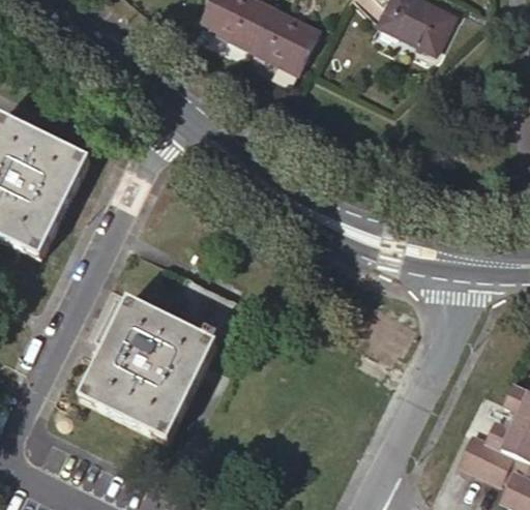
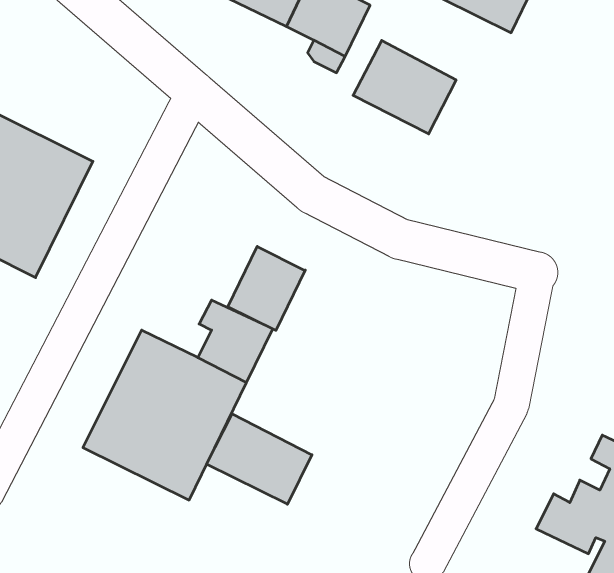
building: none -> [353,40,456,134]
building: none -> [228,246,305,330]
building: none -> [207,414,312,504]

